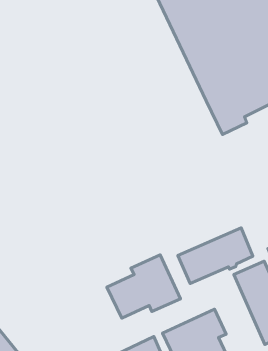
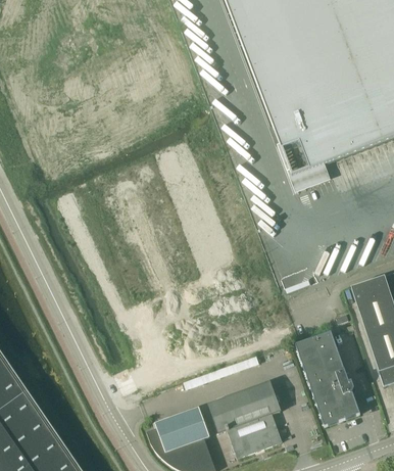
building: [178,228,253,284] -> none
building: [107,255,181,318] -> none

